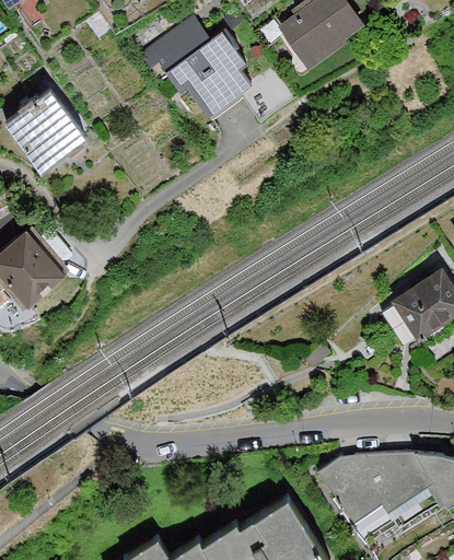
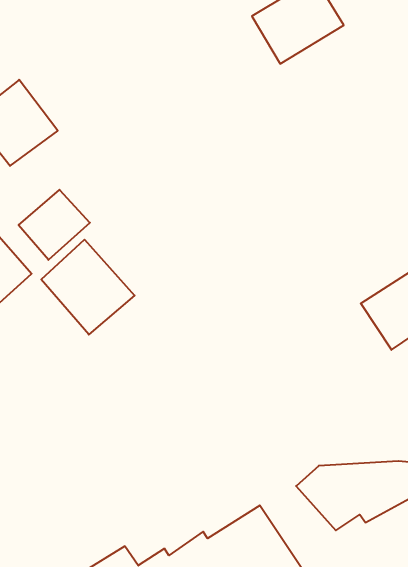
building: [141,15,254,117] -> none
building: none -> [19,190,90,260]
building: none -> [41,240,135,335]

